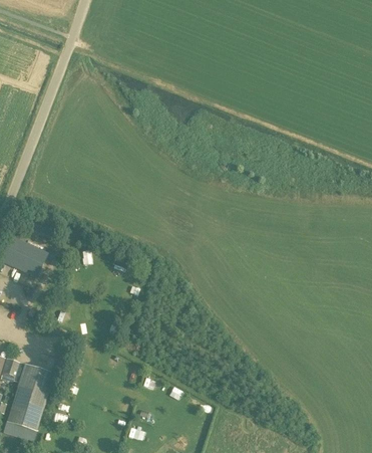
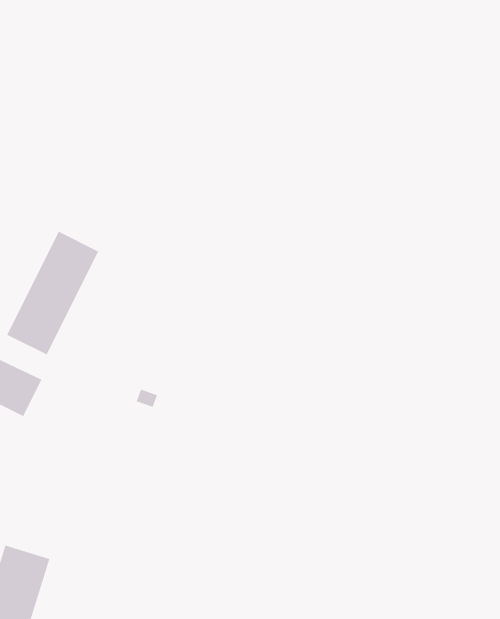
building: none -> [6,231,99,355]

